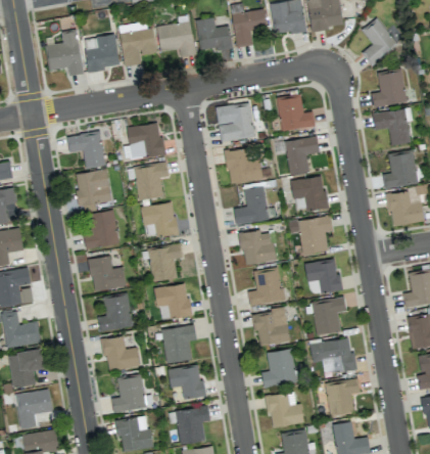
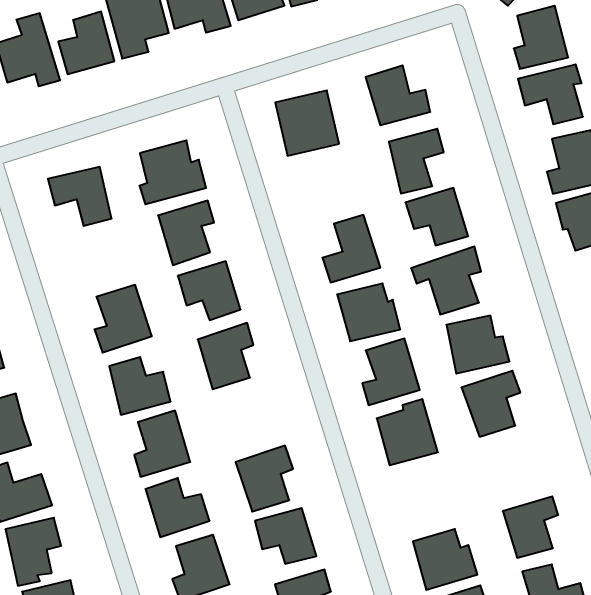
building: [226,148,262,183] -> none
building: [75,169,112,207] -> none
building: [156,283,191,319] -> none
building: [309,337,355,373] -> none
building: [262,349,297,387] -> none

